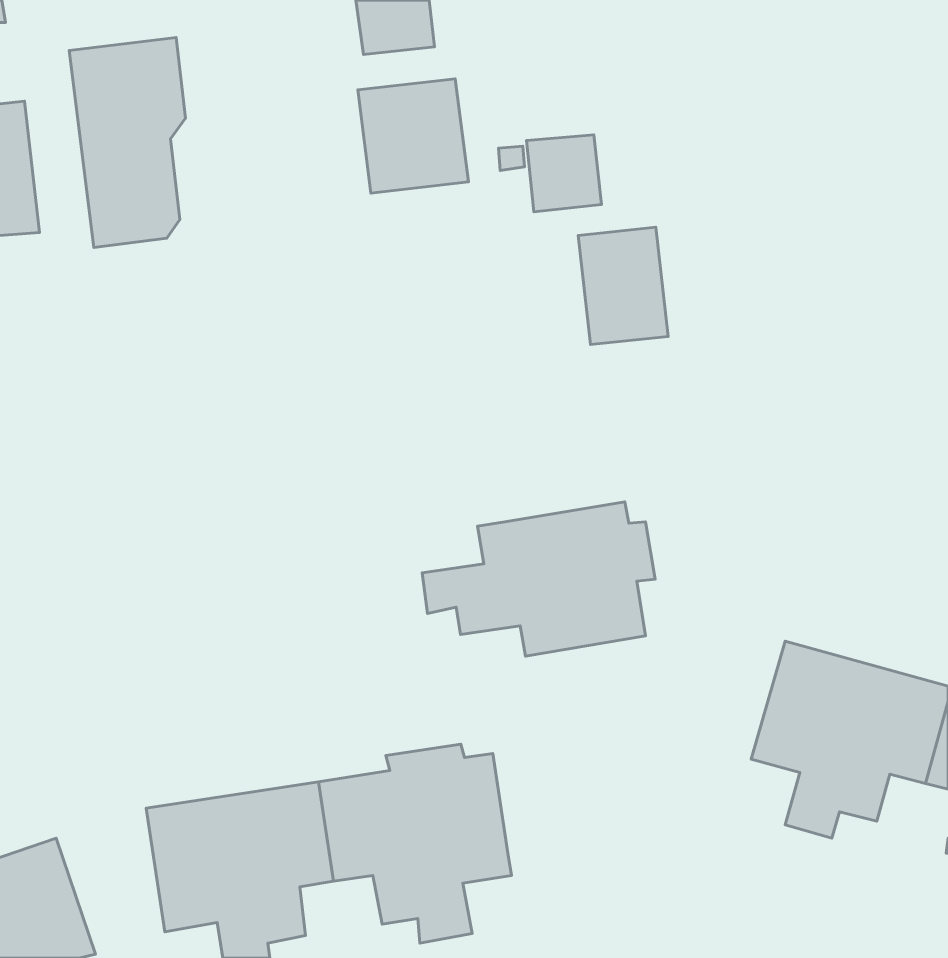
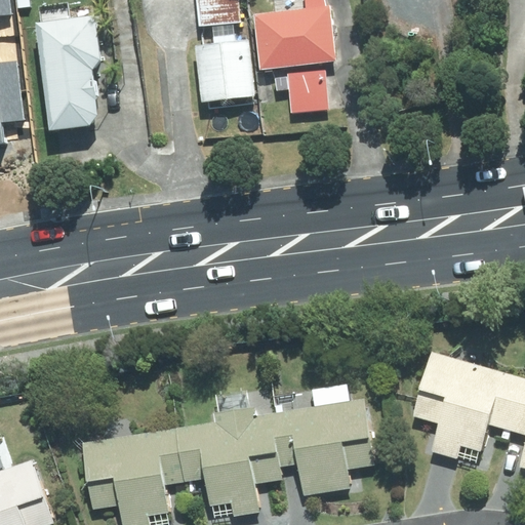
building: none -> [254,7,338,74]
building: [578,227,668,345] -> none
building: [422,502,655,656] -> none
building: none -> [270,397,372,495]

